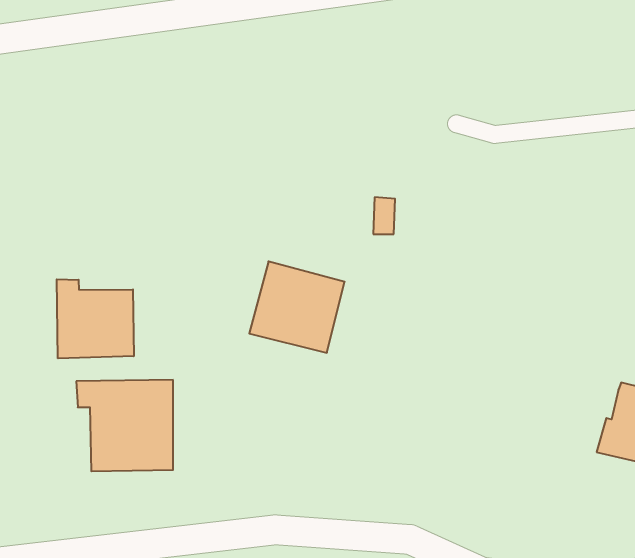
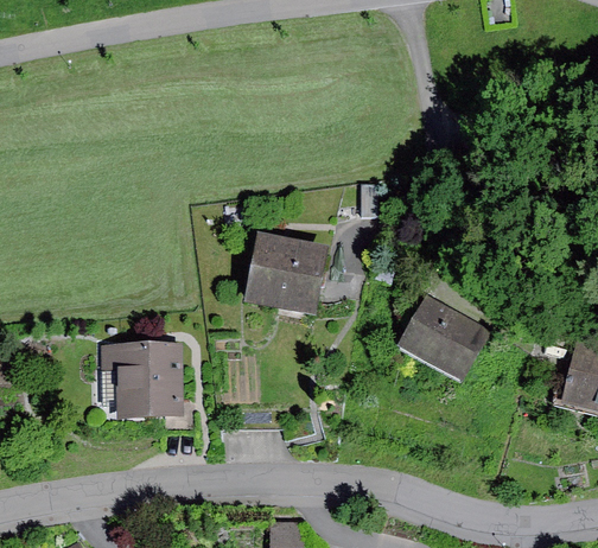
building: [57,279,134,358] -> none
building: none -> [405,297,495,380]

